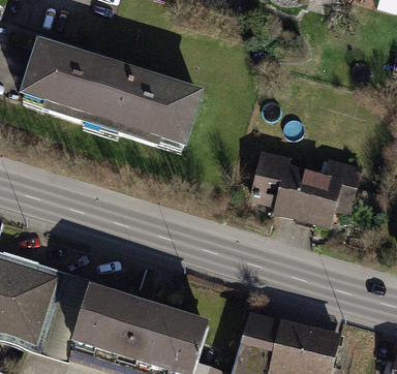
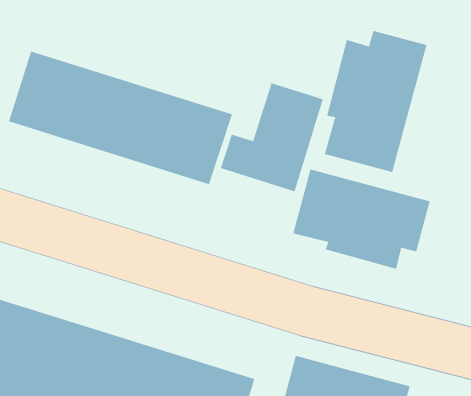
building: none -> [324,30,427,173]
building: none -> [220,83,324,192]

